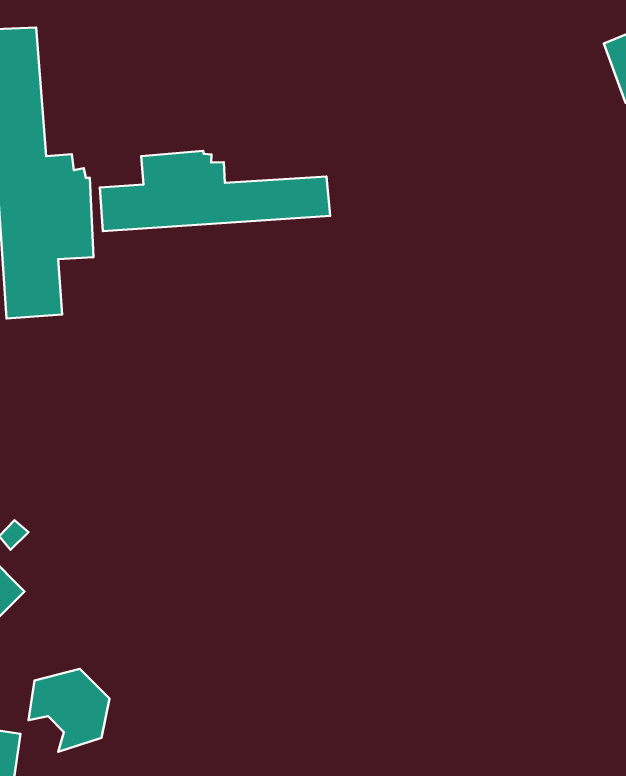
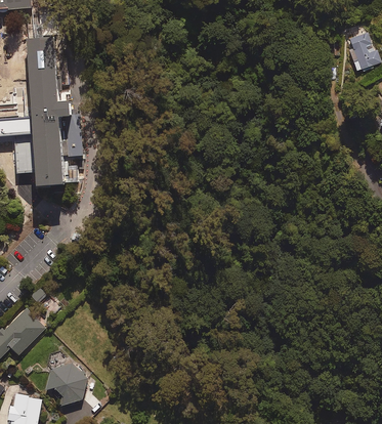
building: [100,151,330,231] -> none

